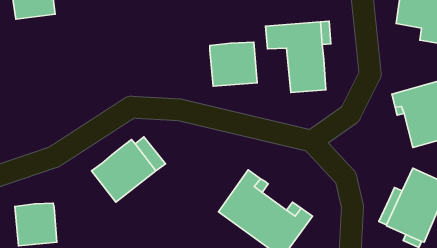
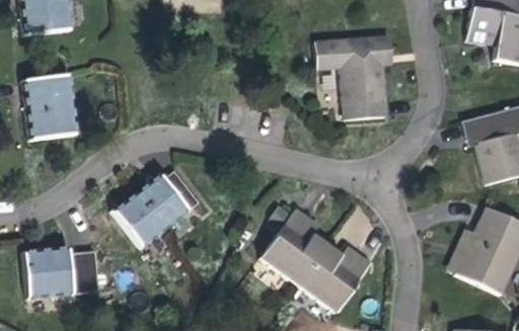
building: [210,42,257,86] -> none
building: none -> [22,74,76,138]
building: none -> [69,250,99,293]

